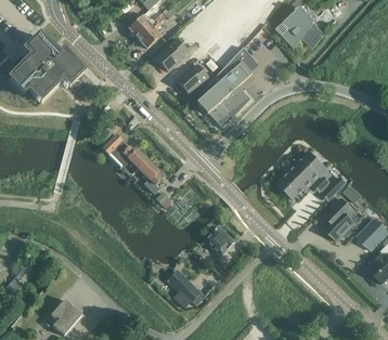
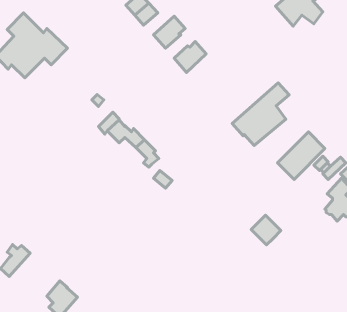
building: [196,62,253,123] -> [232,83,289,146]
building: [205,226,234,256] -> [251,215,281,245]
building: [167,275,203,308] -> none

